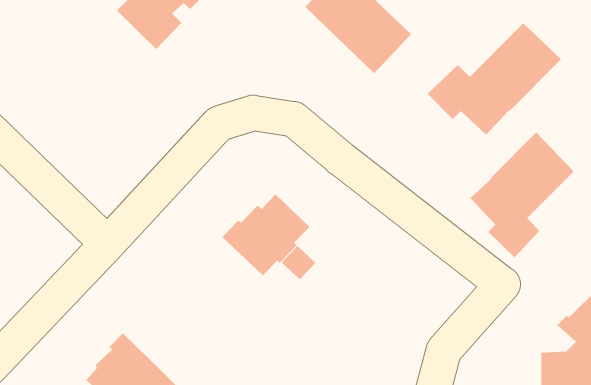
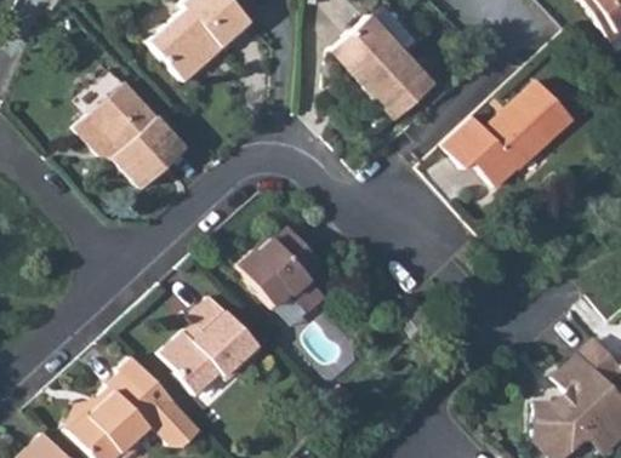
building: none -> [73,81,182,187]
building: [470,132,574,258] -> none
building: none -> [164,296,262,394]

